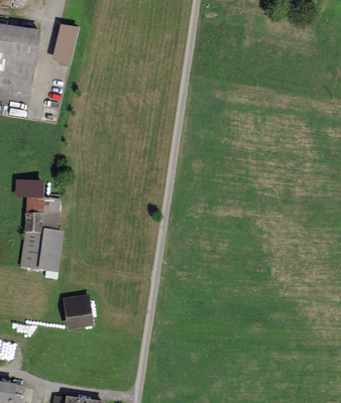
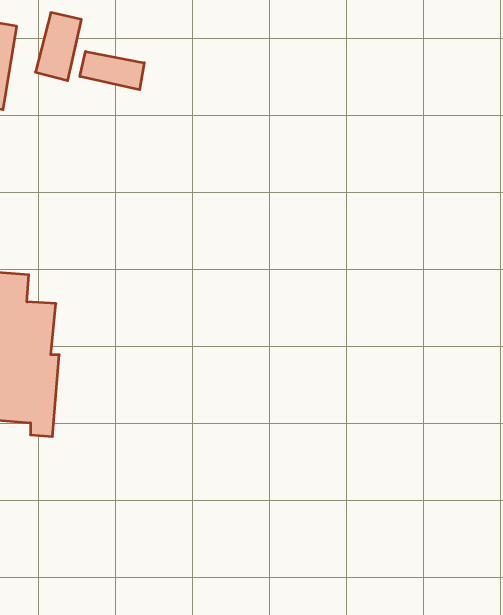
building: none -> [80,51,144,90]
building: [63,295,92,329] -> none

